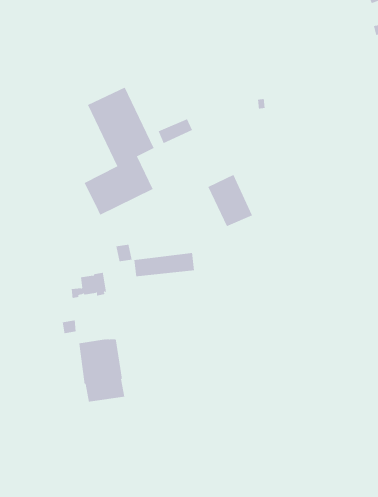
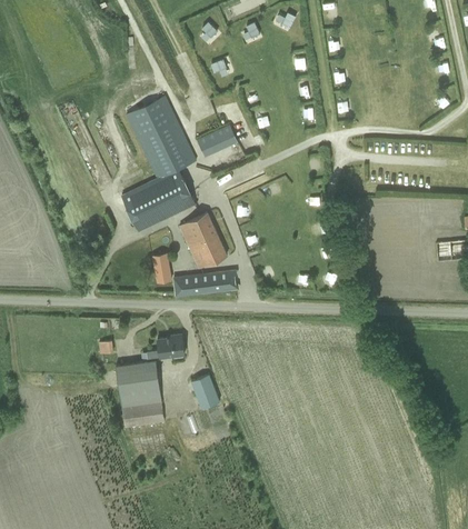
building: [208,174,253,227] -> [179,212,227,268]
building: [71,272,107,298] -> [147,333,185,361]
building: none -> [191,375,219,408]

